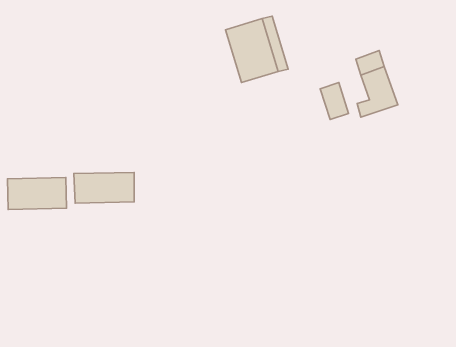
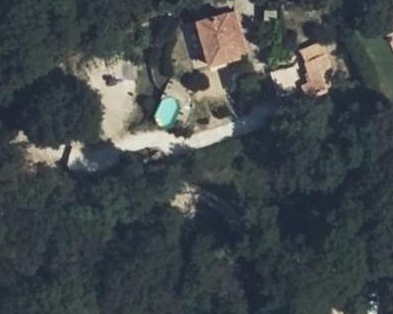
building: [7,178,66,209] -> none

